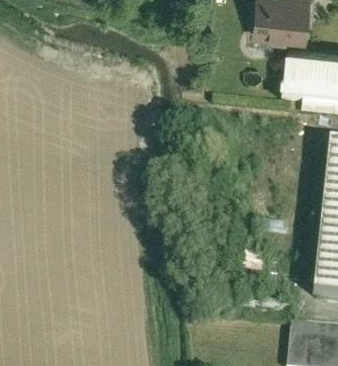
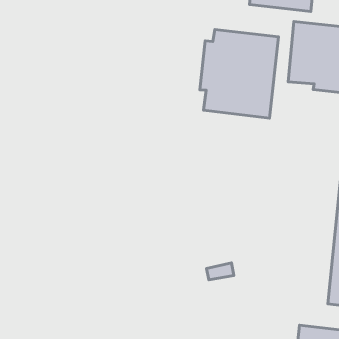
building: none -> [200,29,278,118]

